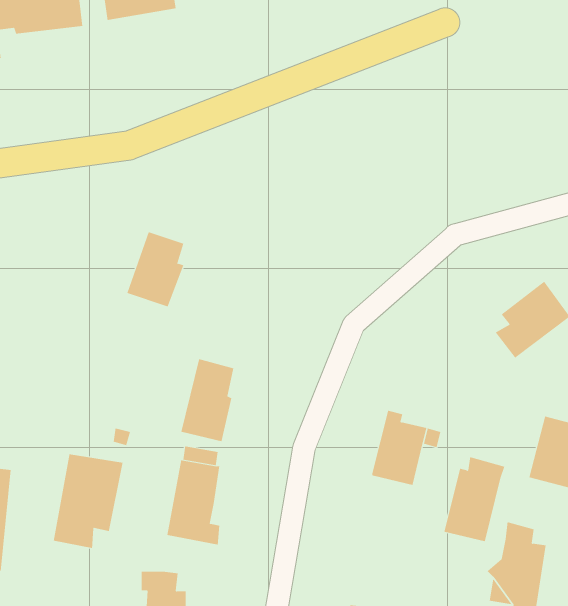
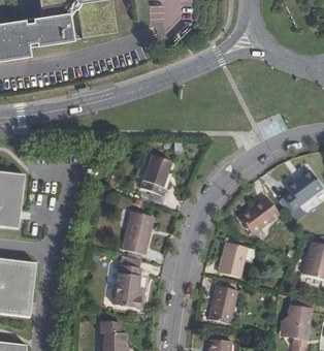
building: [126,231,184,307] -> [139,156,169,195]
building: none -> [238,195,278,233]
building: [53,453,123,549] -> none
building: [444,456,505,542] -> [207,280,239,324]

